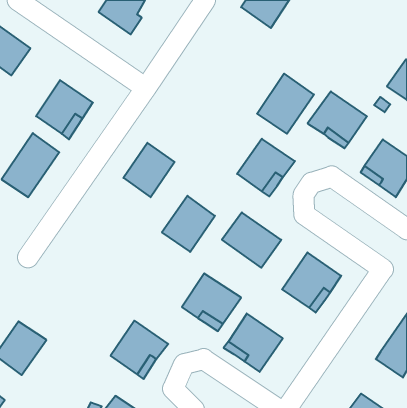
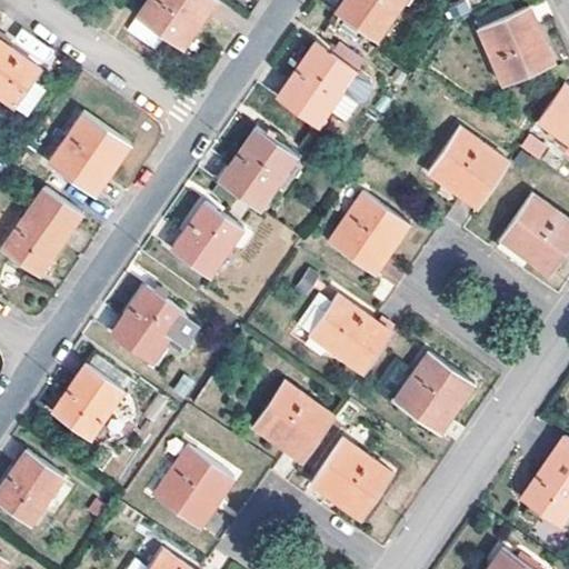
building: none -> [478,8,552,86]
building: [257,74,314,134] -> [276,42,355,126]
building: none -> [217,128,296,210]
building: [162,196,215,252] -> [111,283,184,361]
building: none -> [52,361,124,437]

